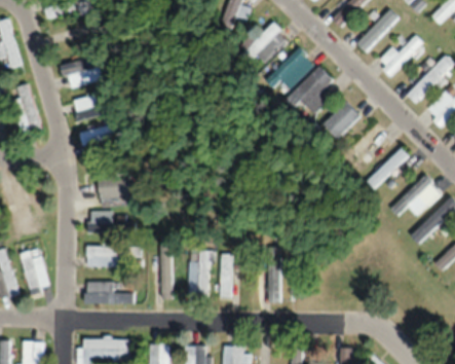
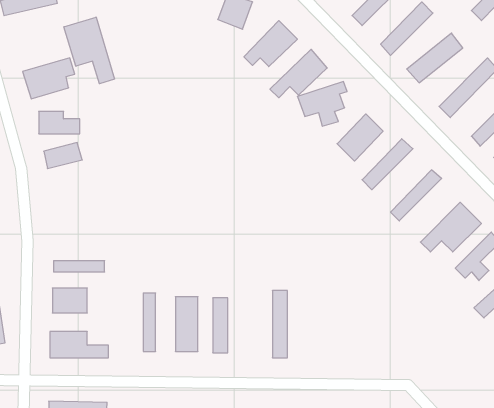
building: none -> [64,17,115,84]
building: [99,177,129,197] -> none

